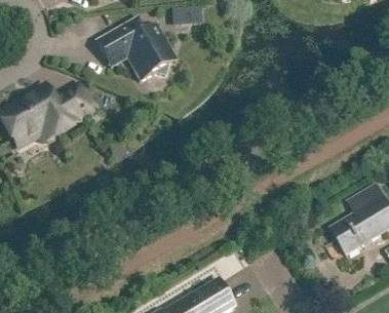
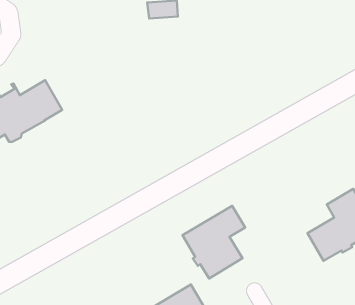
building: [95,15,176,79] -> none
building: none -> [182,206,245,279]

